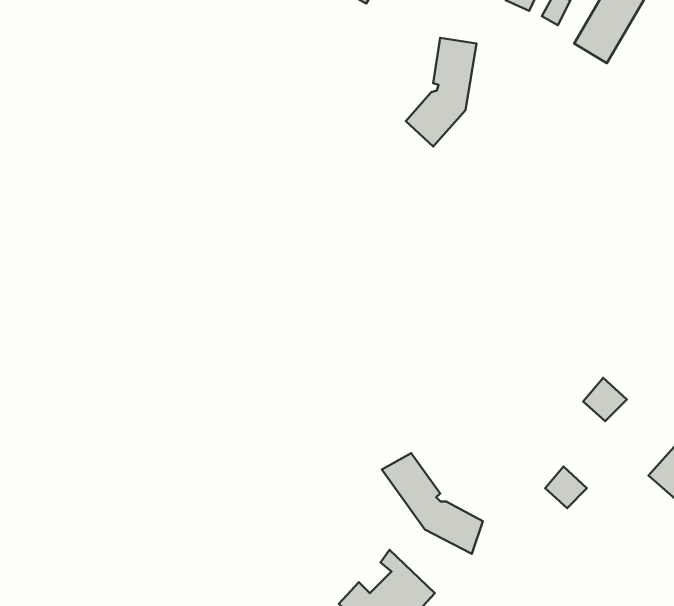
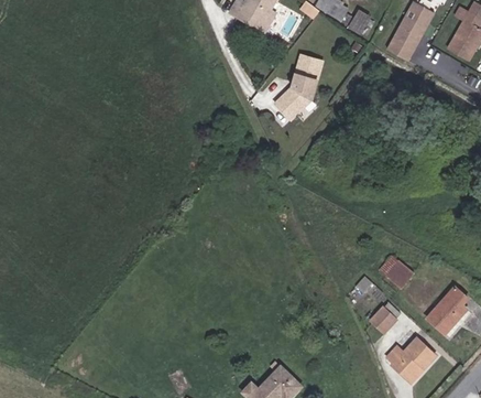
building: [382,453,483,554] -> none
building: none -> [389,343,435,383]

